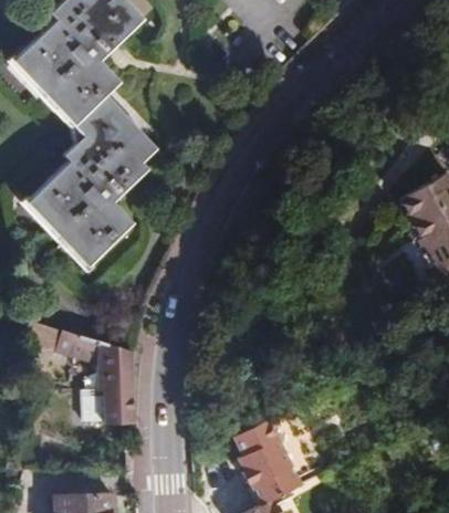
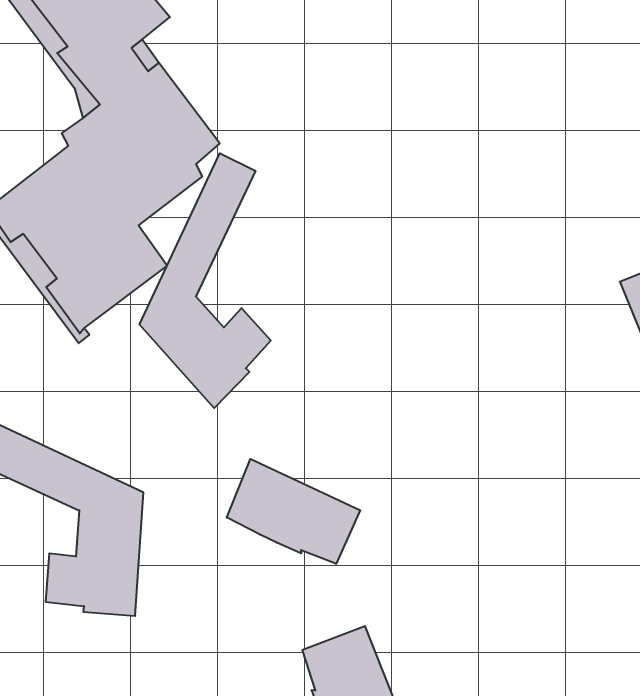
building: none -> [140,153,271,408]
building: none -> [227,459,360,564]

